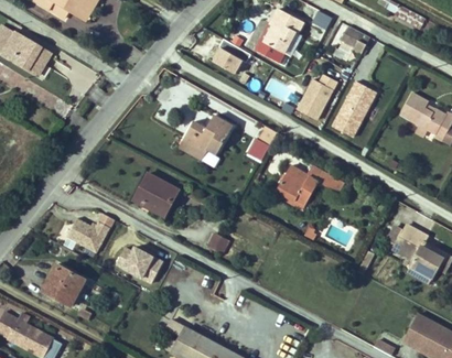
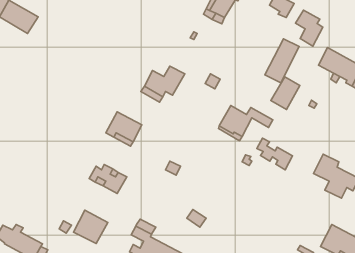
building: [213,39,251,74] -> none
building: none -> [295,10,323,46]
building: [295,79,332,120] -> [271,77,300,109]
building: none -> [257,138,293,170]
building: [66,218,109,253] -> none
building: [42,263,85,305] -> [73,210,108,243]

